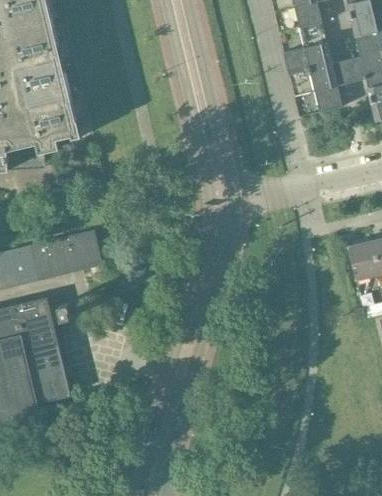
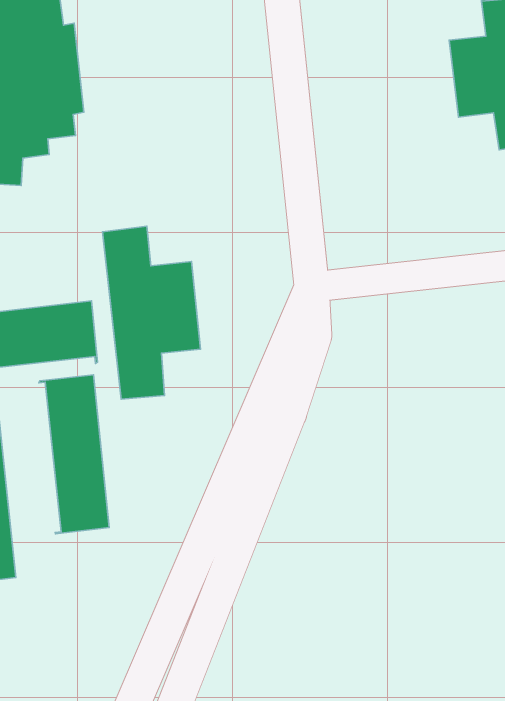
building: none -> [103,226,200,399]
building: none -> [39,375,109,534]

